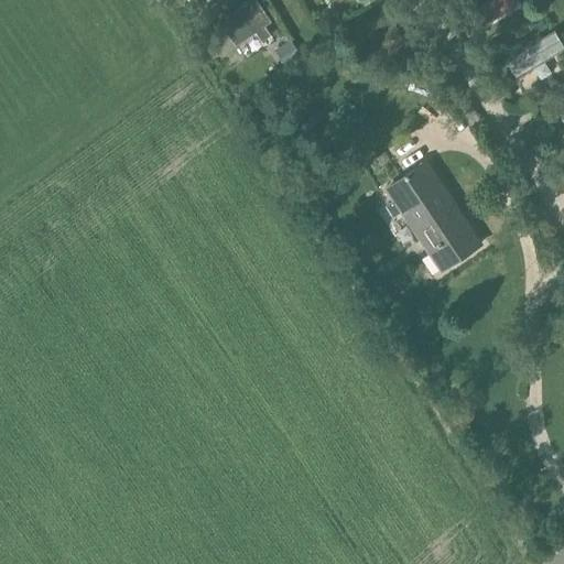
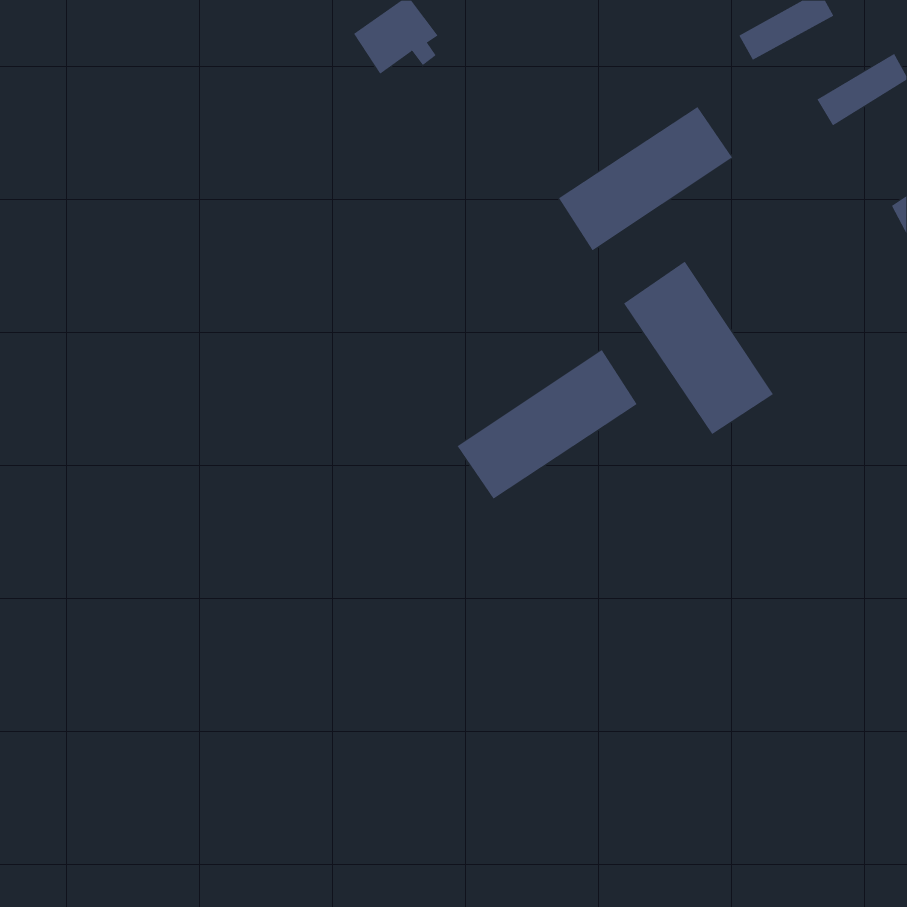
building: none -> [558,106,733,251]
building: none -> [457,349,638,500]

